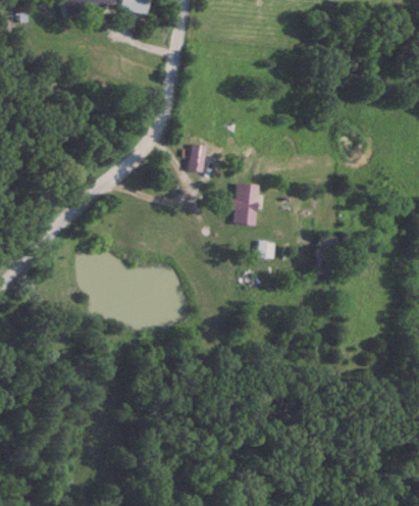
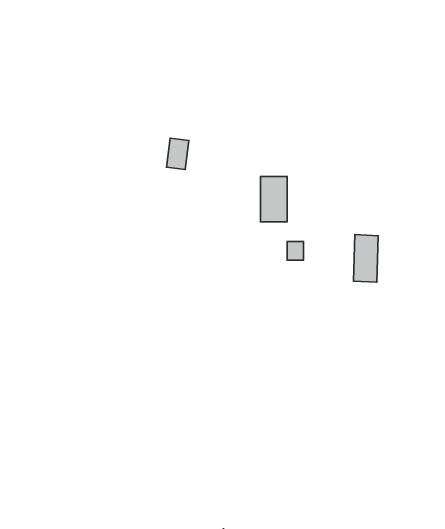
building: [188,145,207,172] -> [167,138,189,169]

